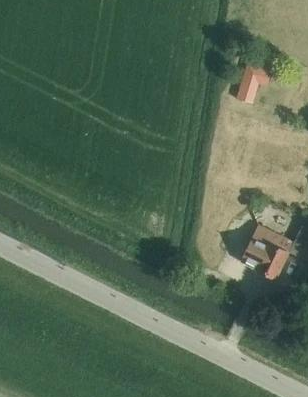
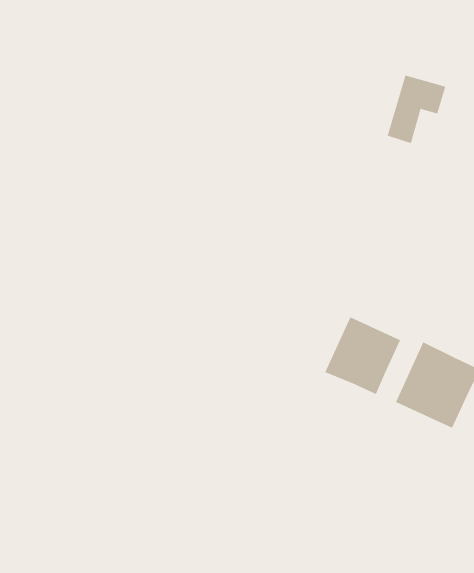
building: none -> [325,316,401,395]

